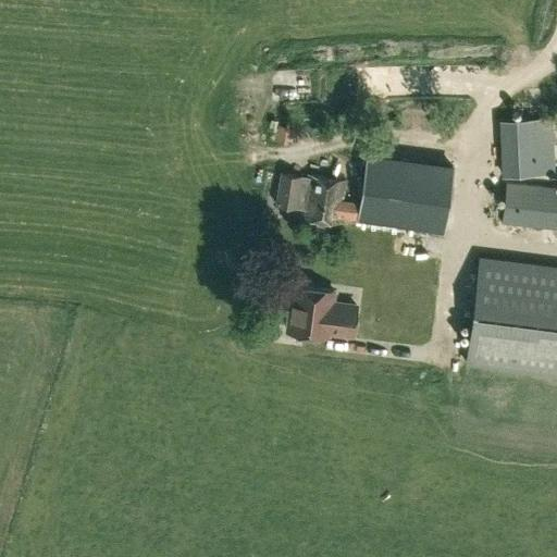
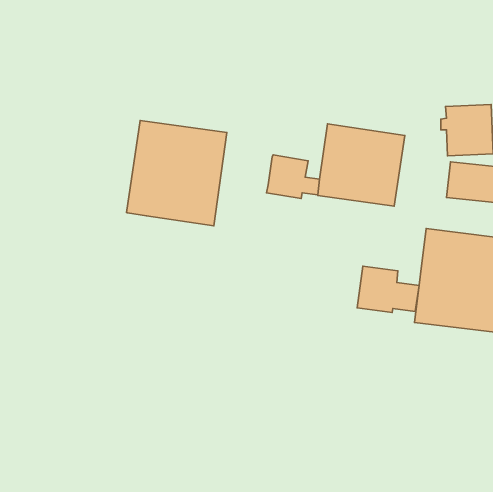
building: none -> [126,121,227,226]
building: [277,176,308,211] -> none
building: [289,287,359,339] -> [357,266,419,313]

